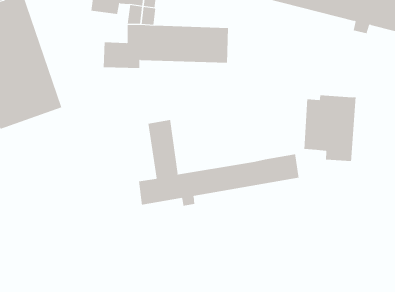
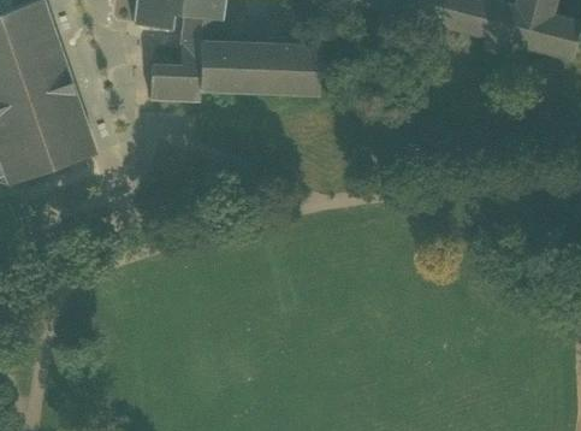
building: [304,94,356,162] -> none
building: [138,119,299,207] -> none

